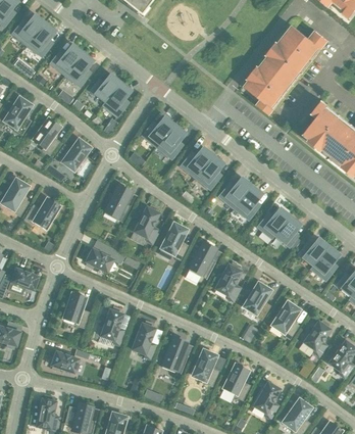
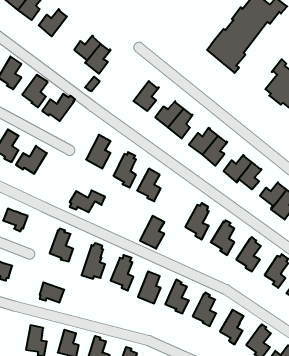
building: [64,51,93,85] -> none
building: [142,115,173,146] -> none
building: [188,241,215,278] -> [140,216,164,249]

